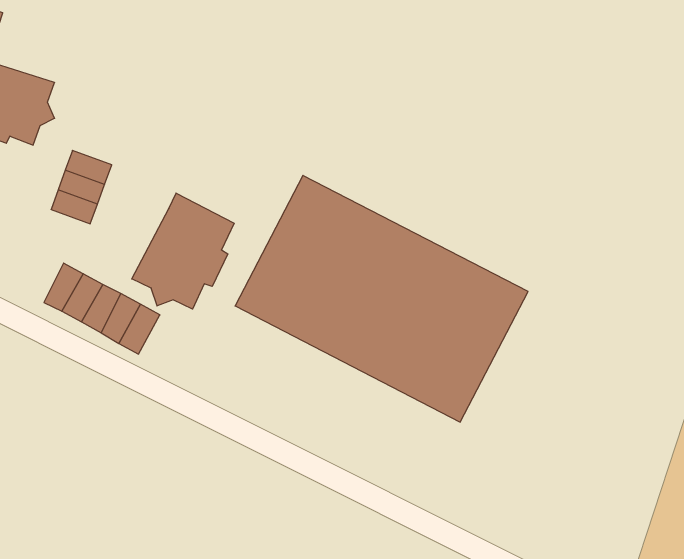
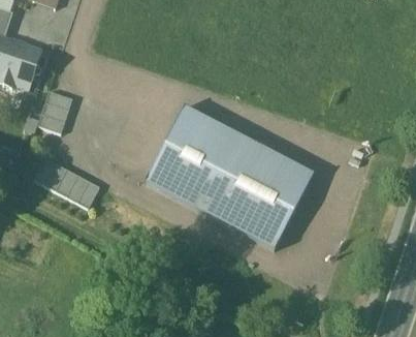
building: [132,193,234,309] -> none

